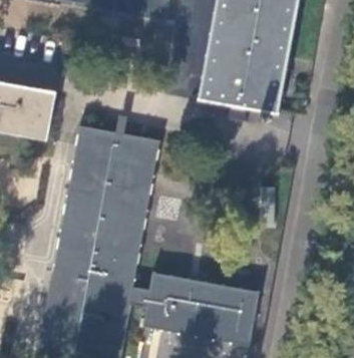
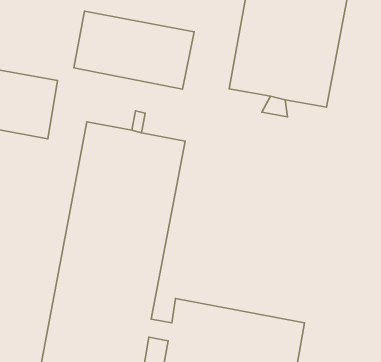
building: none -> [74,11,194,89]

